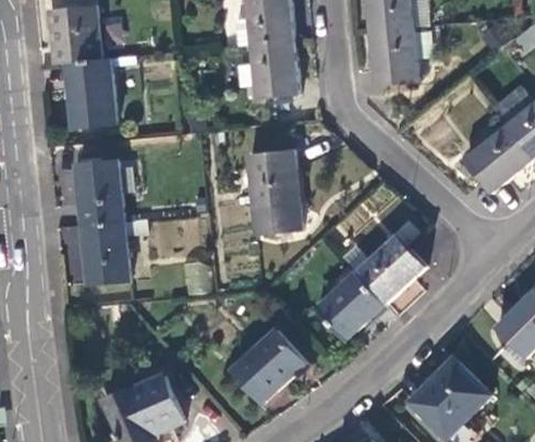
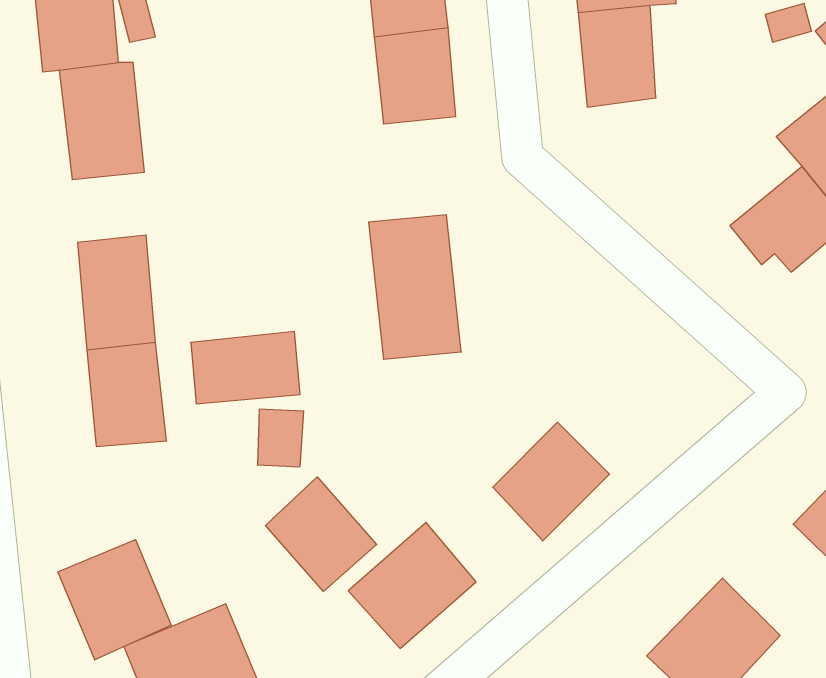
building: [357,231,426,299] -> none
building: none -> [265,477,377,591]
building: none -> [58,540,171,660]

